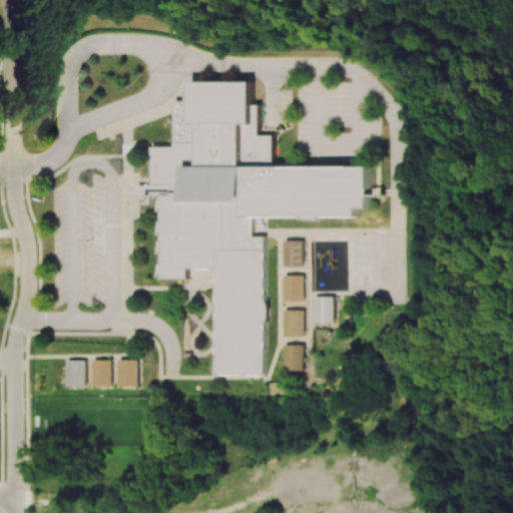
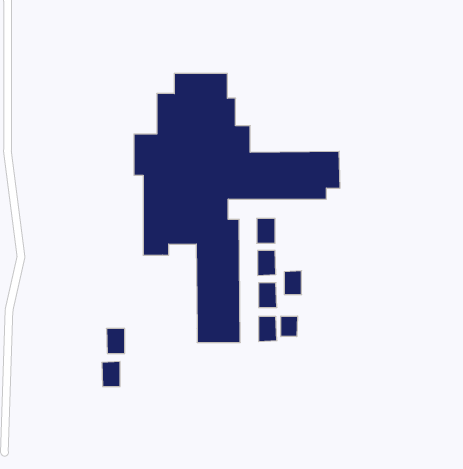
building: none -> [281,316,298,337]
building: [90,358,110,385] -> [102,362,120,386]
building: [62,360,82,387] -> none

